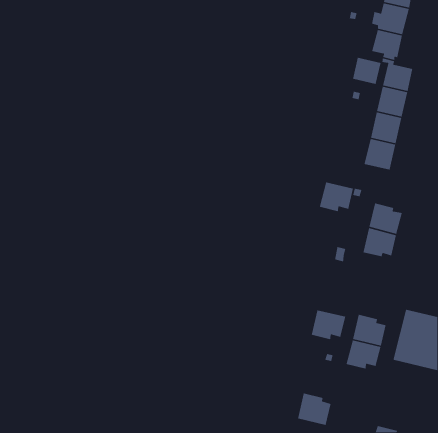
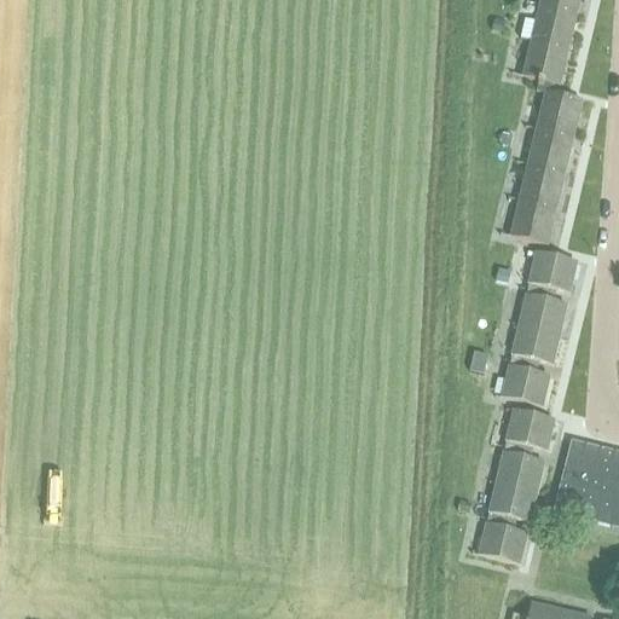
building: [352,57,381,85] -> none
building: [319,181,354,212] -> [528,249,578,293]
building: none -> [502,357,550,403]
building: [311,309,346,340] -> [505,406,555,450]
building: [297,392,331,426] -> [479,514,527,561]

